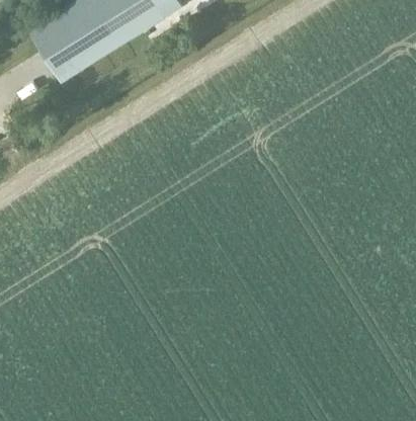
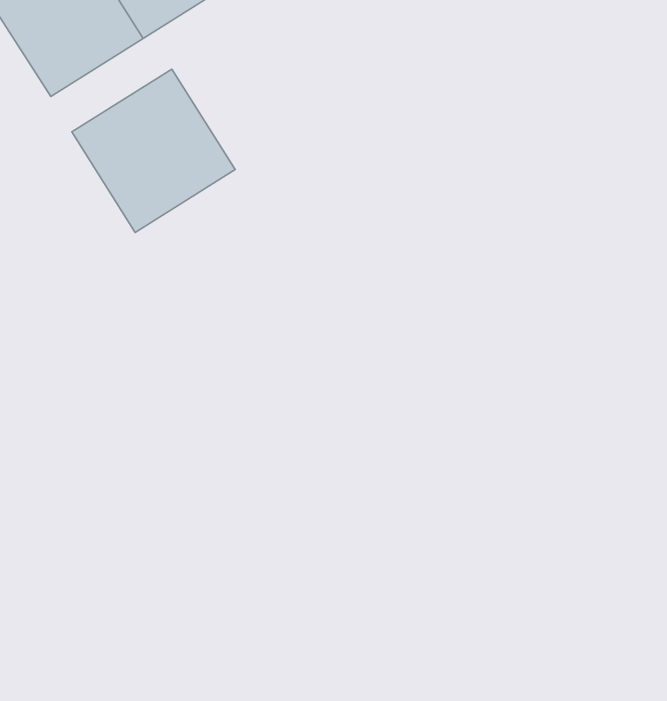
building: none -> [72,69,235,232]

